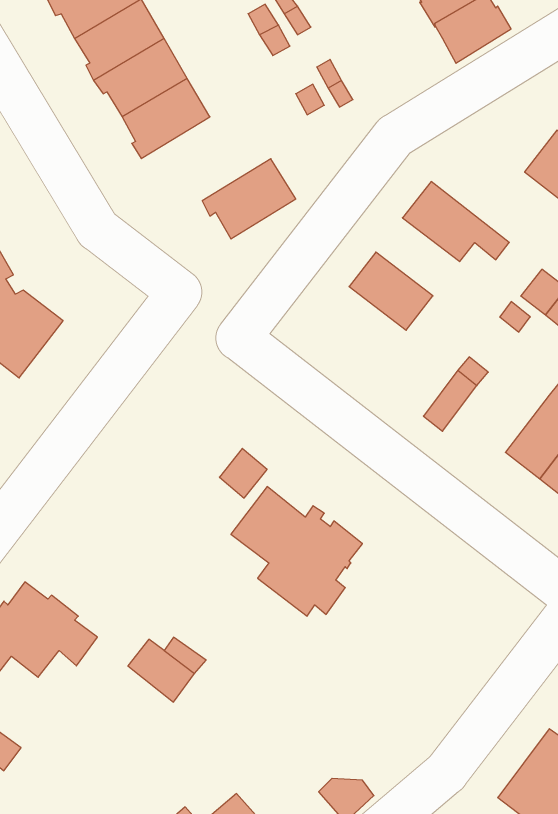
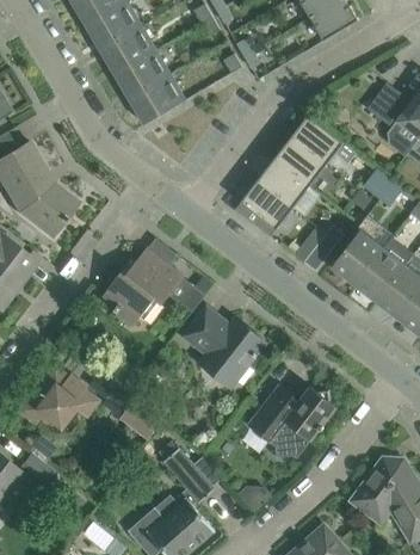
building: [202,159,296,239] -> [126,74,185,124]
building: none -> [273,137,326,186]
building: none -> [240,180,292,229]
building: none -> [333,228,382,284]
building: none -> [103,248,183,325]
building: none -> [247,383,336,458]
building: none -> [163,448,214,501]

